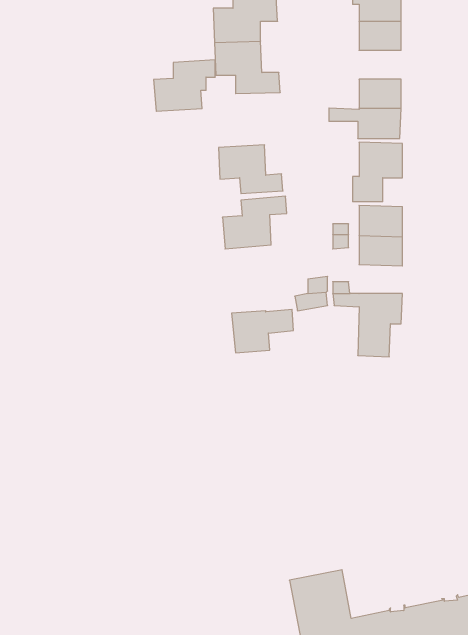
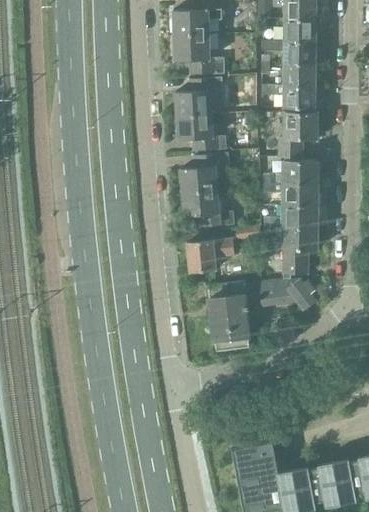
building: none -> [262,43,316,65]
building: [154,60,215,111] -> [175,78,222,117]
building: none -> [182,191,234,228]
building: none -> [284,206,317,228]
building: none -> [210,281,315,351]

